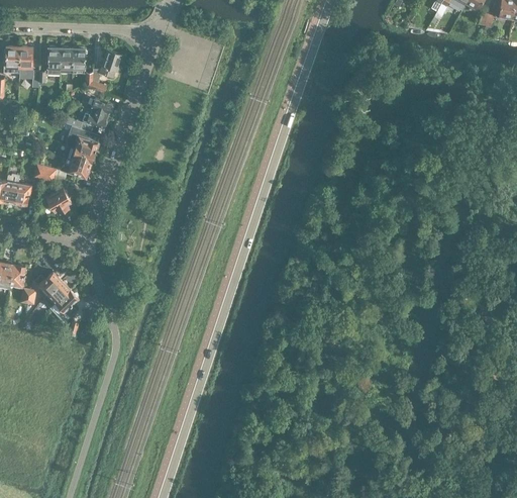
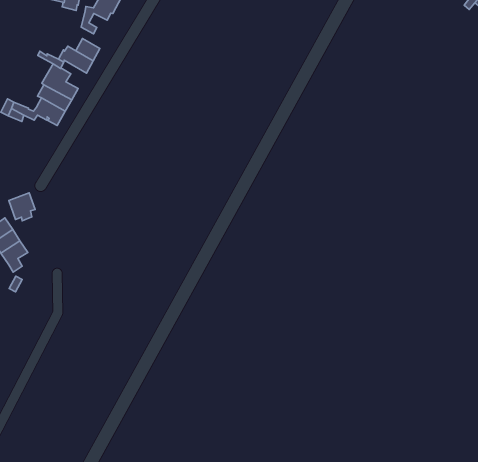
building: [45,188,71,214] -> [9,193,35,221]

